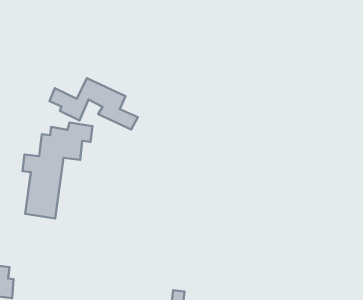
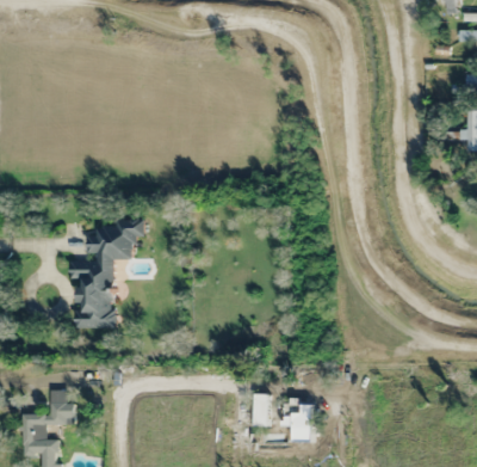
building: [49,78,138,130] -> none

